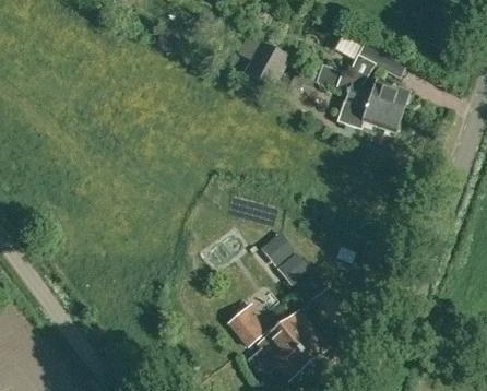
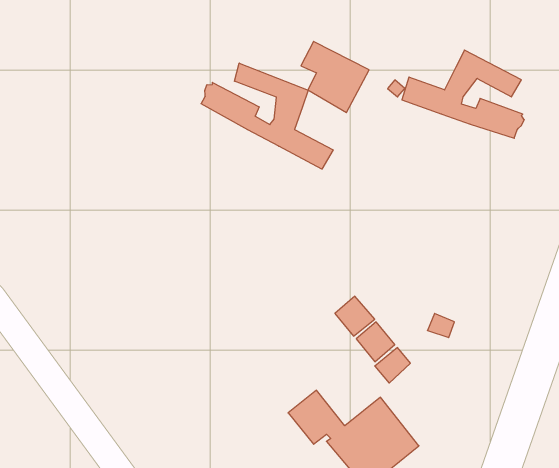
building: none -> [201,63,333,169]
building: [335,92,402,132] -> none

